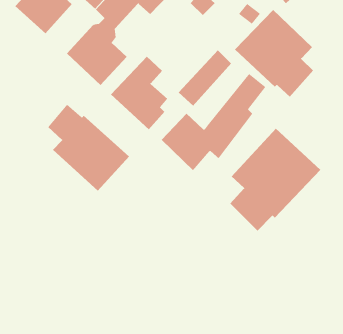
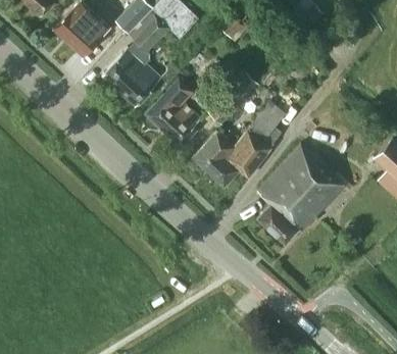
building: [234,9,314,97] -> none
building: [47,104,130,192] -> none

